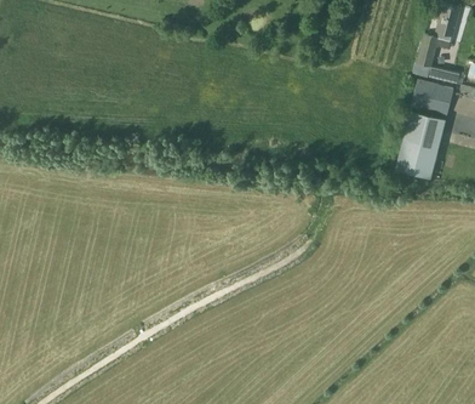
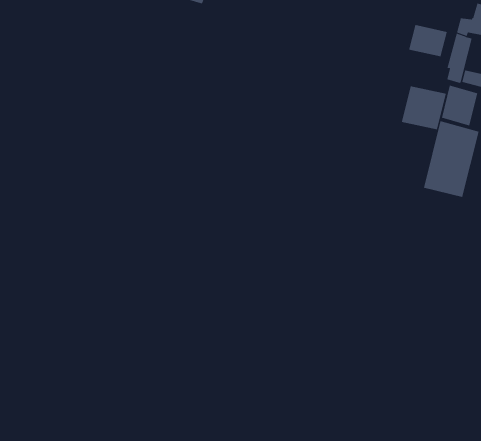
building: none -> [409,24,447,57]
building: none -> [401,85,447,130]

